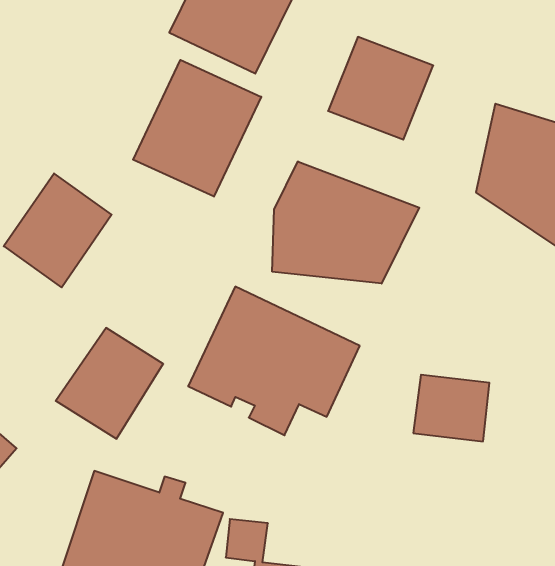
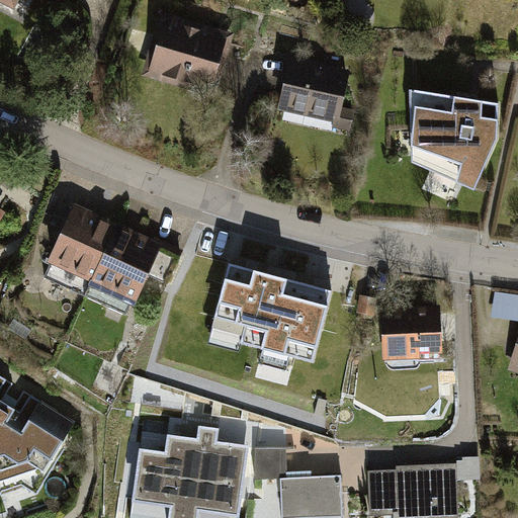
building: [133,60,261,197] -> none
building: [272,161,419,284] -> none
building: [56,328,163,439] -> [91,228,170,313]

